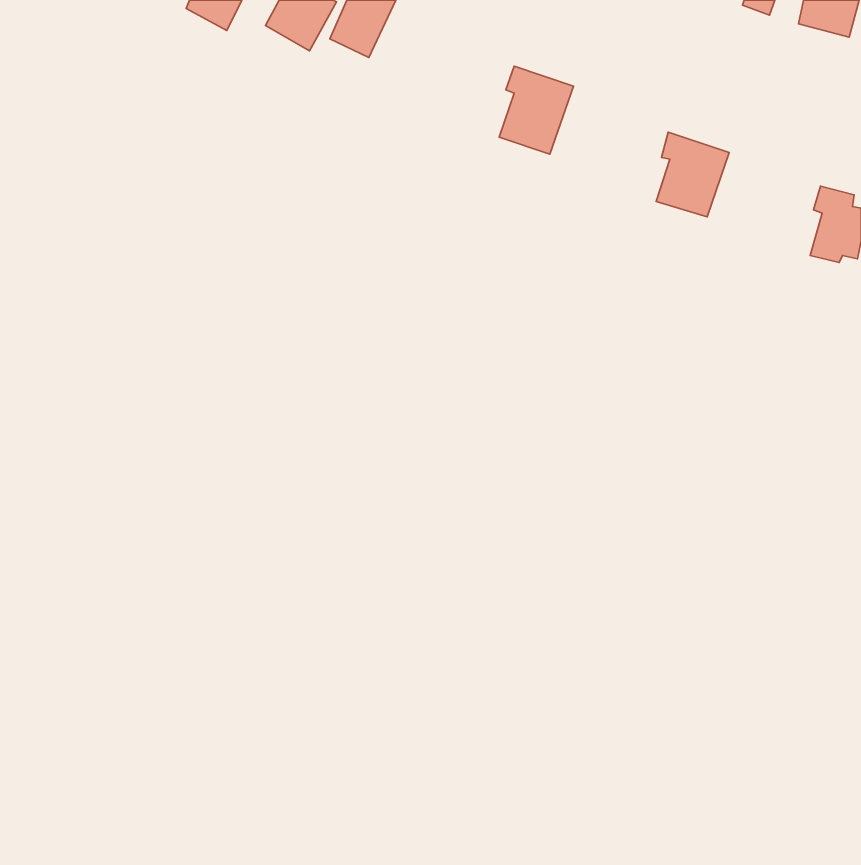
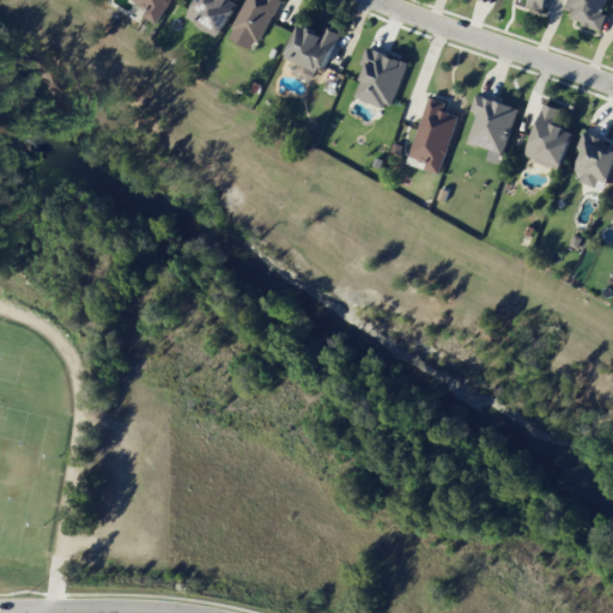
building: none -> [287,22,339,72]
building: none -> [408,95,459,174]
building: none -> [527,103,573,168]

